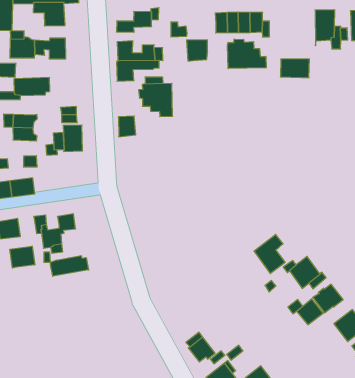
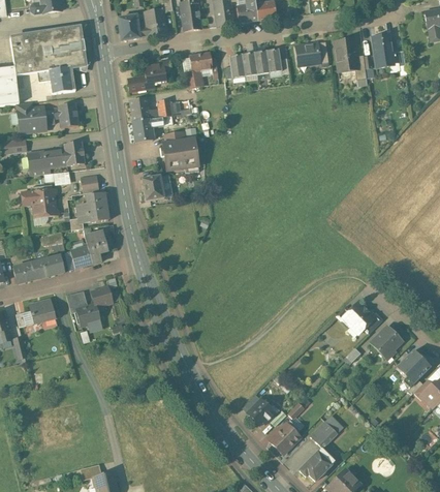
building: [228,39,266,69] -> none
building: [187,40,208,61] -> [188,52,212,76]
building: [280,59,309,78] -> [295,41,327,64]
building: none -> [64,141,85,165]
building: none -> [70,230,108,268]
building: [254,234,285,274] -> none
building: [10,246,35,268] -> none
building: [51,256,89,276] -> none
building: [297,299,323,325] -> none

